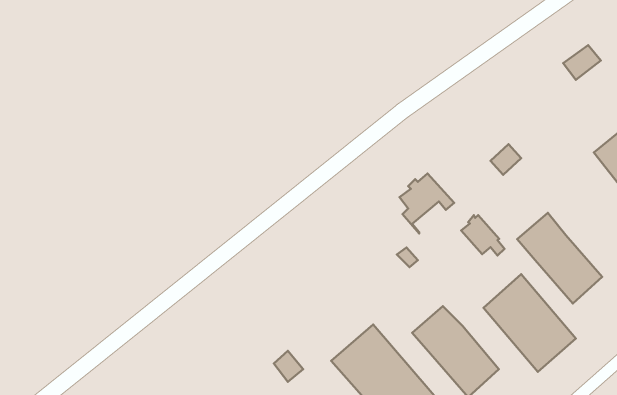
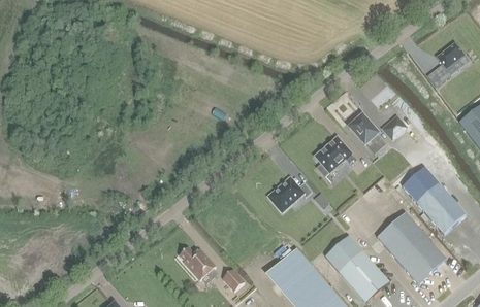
building: [461,215,505,256] -> [350,114,382,144]
building: none -> [269,177,312,209]
building: none -> [180,246,216,279]

